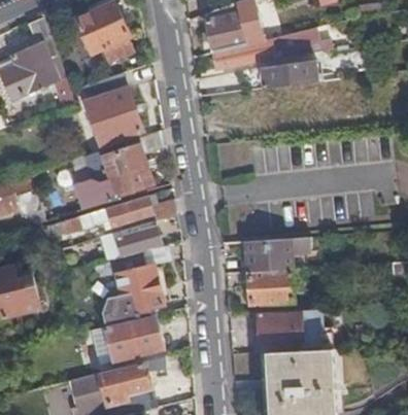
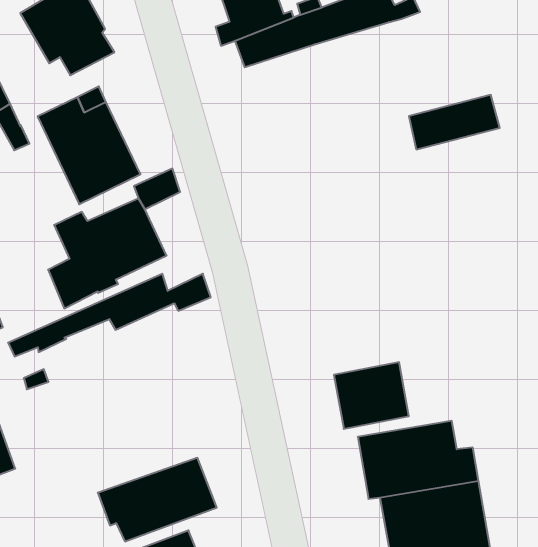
building: [262,61,318,90] -> [409,95,500,149]
building: [101,220,163,257] -> none
building: [246,239,310,273] -> none
building: [116,266,164,315] -> none

